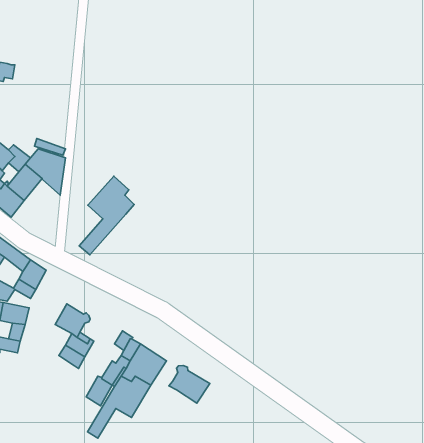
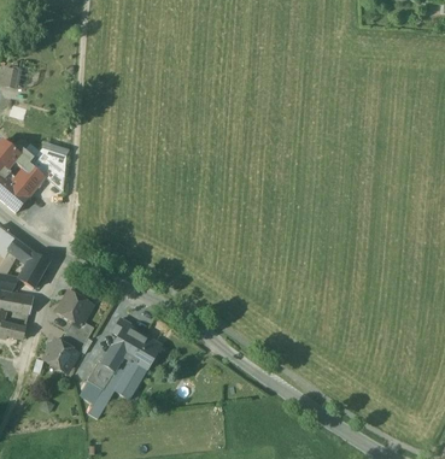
building: [79,176,134,255] -> none
building: none -> [43,337,75,369]
building: [169,366,210,403] -> none

